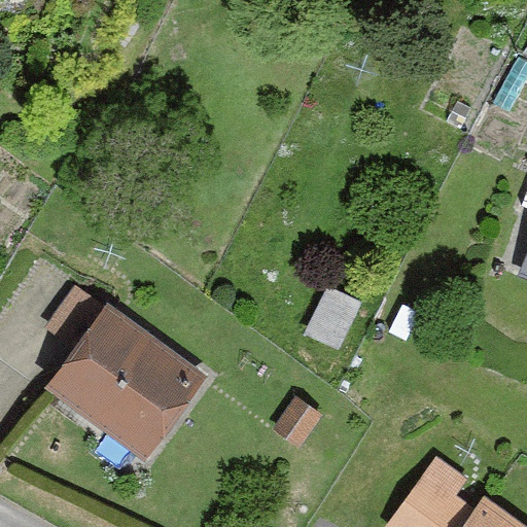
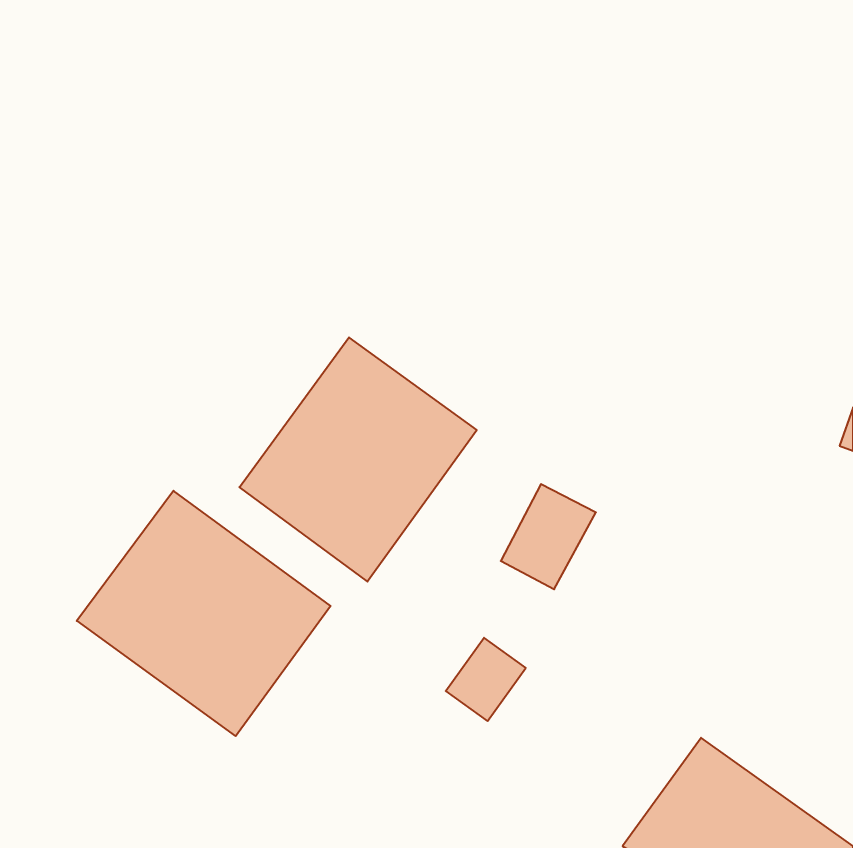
building: none -> [239,337,477,582]

